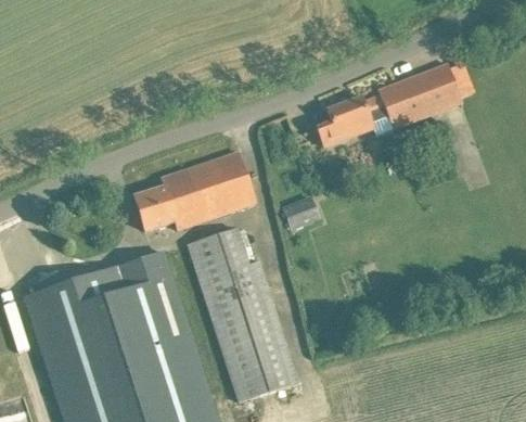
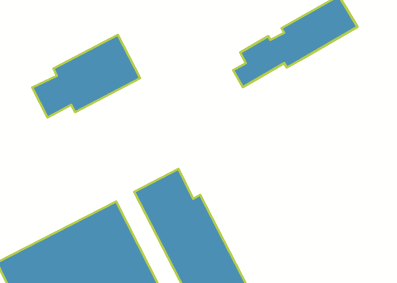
building: [134,150,256,229] -> [32,35,140,117]
building: [283,193,321,228] -> none

